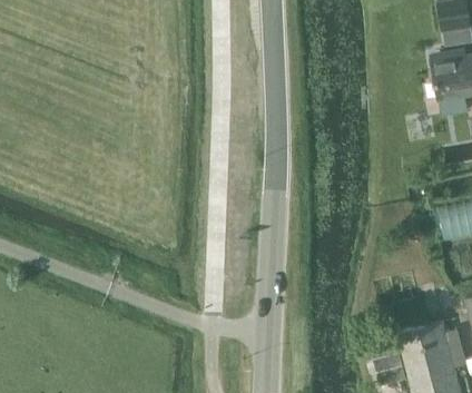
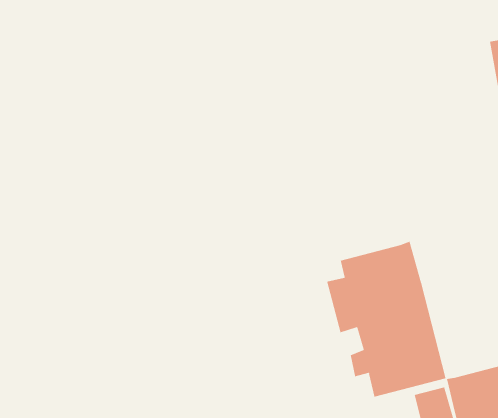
building: none -> [327,241,446,397]

